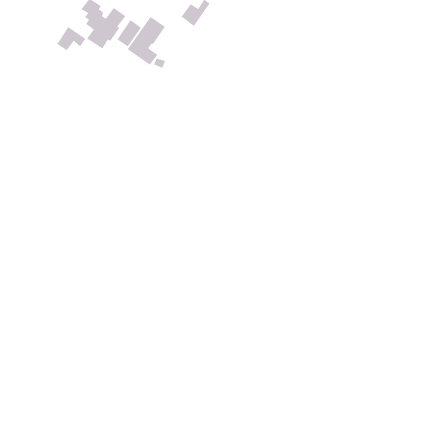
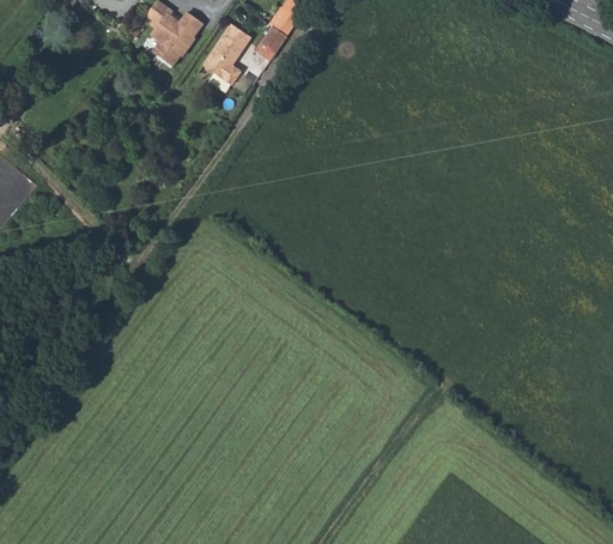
building: [117,19,142,47] -> [254,26,285,61]
building: [56,26,86,51] -> none

